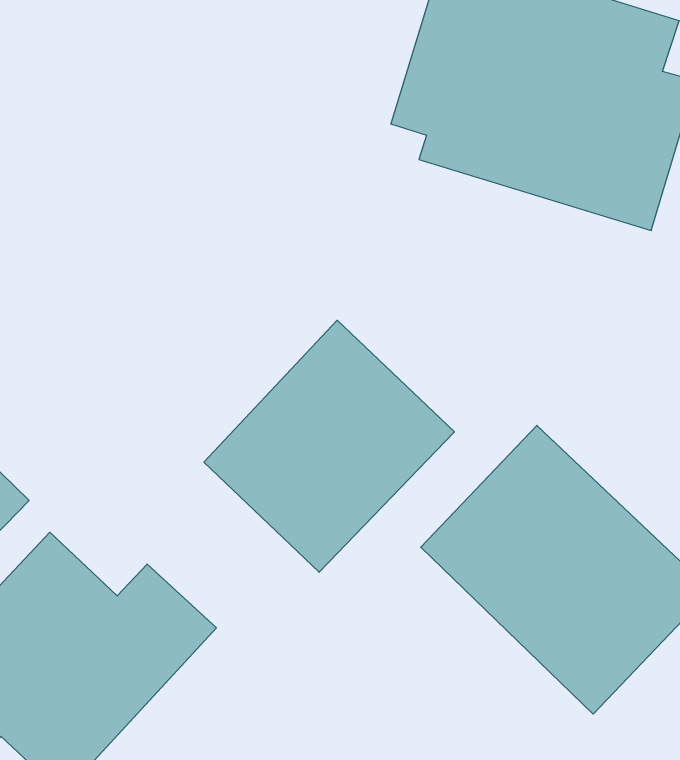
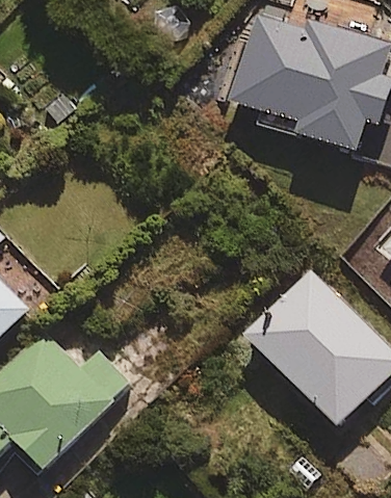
building: [204,320,454,572] -> none

